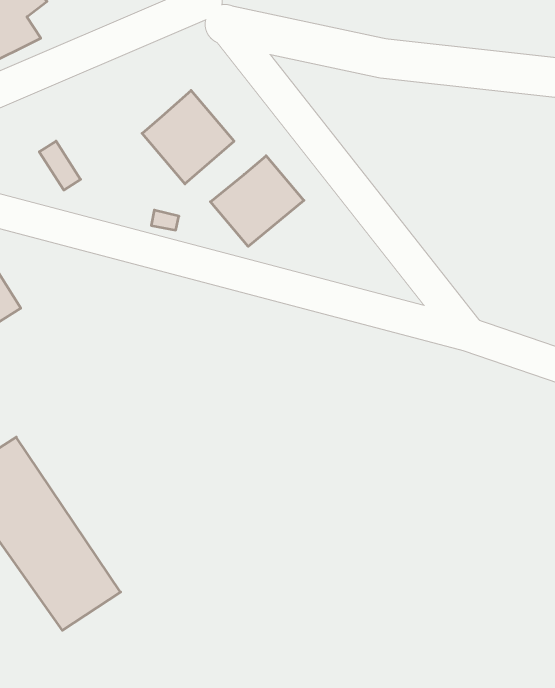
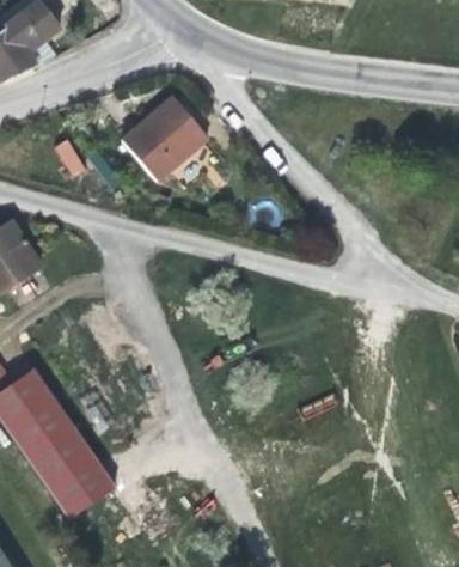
building: [210,156,304,246] -> none

